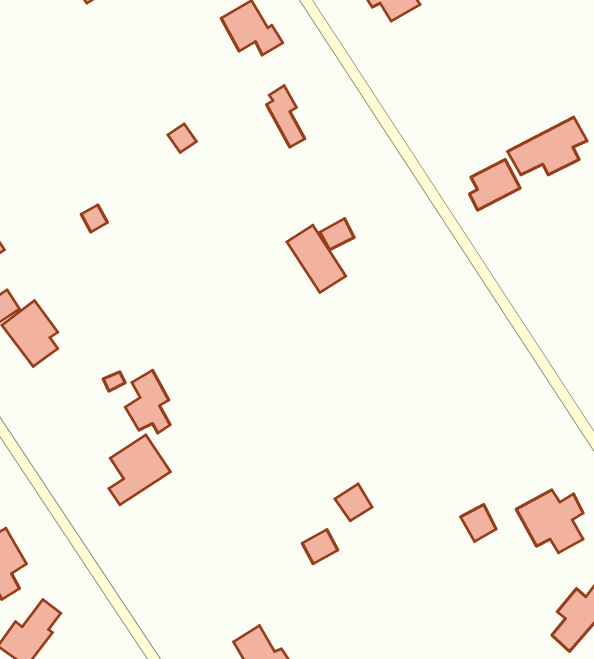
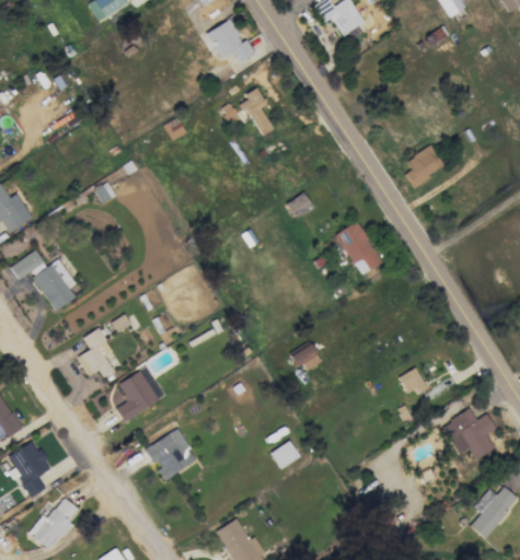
building: [508,117,587,175] -> none
building: [287,225,346,292] -> [335,221,382,275]
building: [125,370,170,433] -> [77,327,113,377]
building: [335,484,372,521] -> [291,342,321,372]
building: [461,504,496,541] -> [397,366,426,396]
building: none -> [143,428,197,479]

